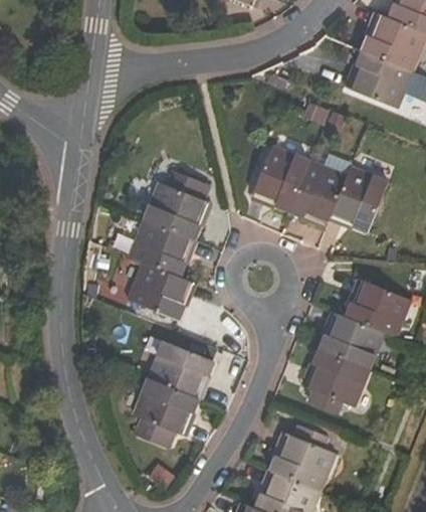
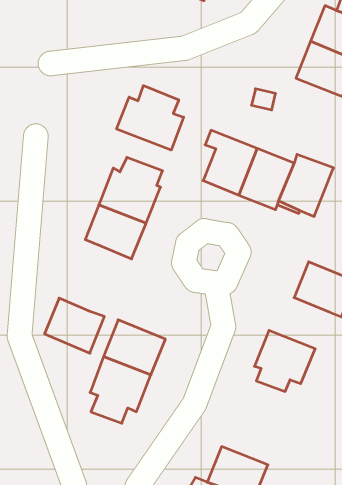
building: none -> [117,86,184,150]
building: [130,262,192,319] -> [45,298,104,353]
building: [321,312,384,369] -> none
building: [271,433,335,490] -> none

